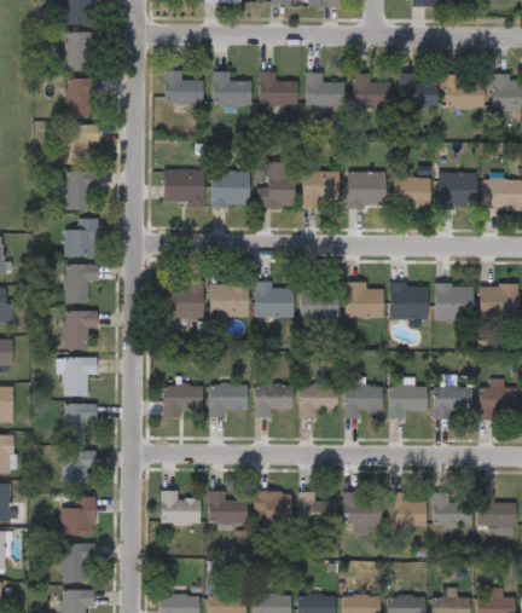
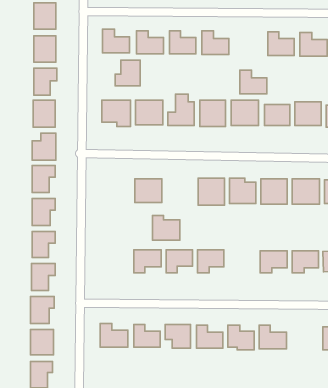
building: [353,73,391,106] -> [240,70,267,94]
building: none -> [115,60,140,86]
building: [255,282,294,317] -> [153,216,180,240]
building: [163,283,204,318] -> none
building: [163,384,203,416] -> none
building: [344,384,382,416] -> none
building: [433,493,471,526] -> none

